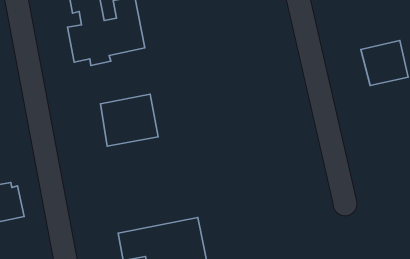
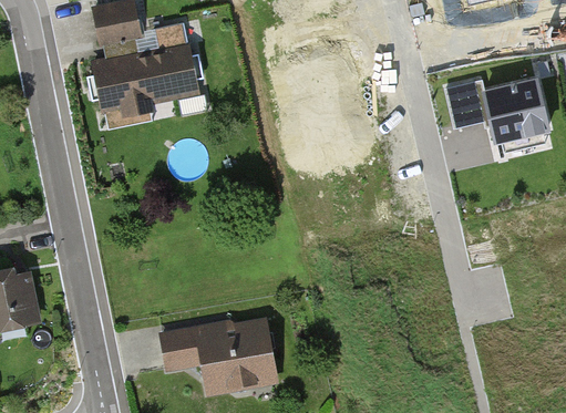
building: none -> [445,82,484,125]
building: [100,94,158,146] -> none

